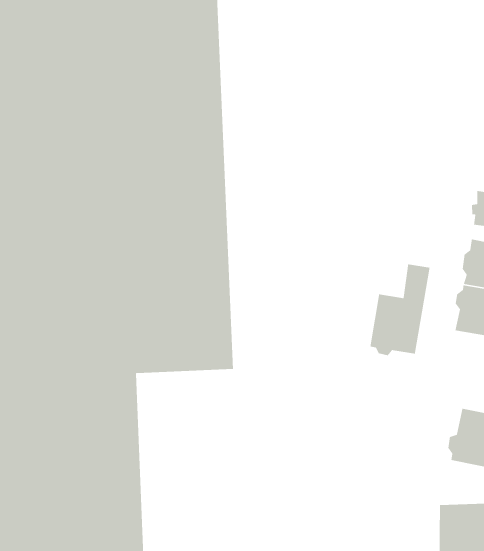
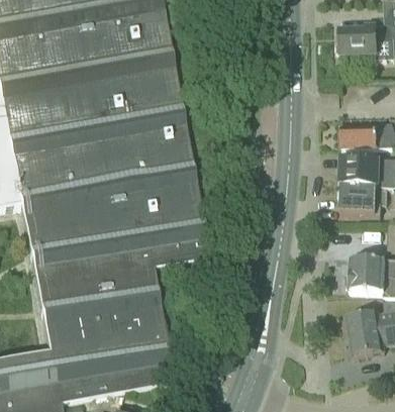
building: [369,263,431,356] -> none

